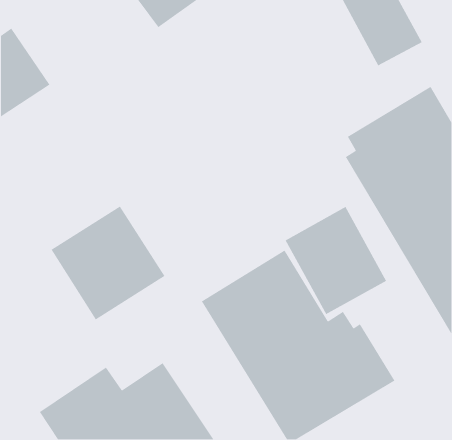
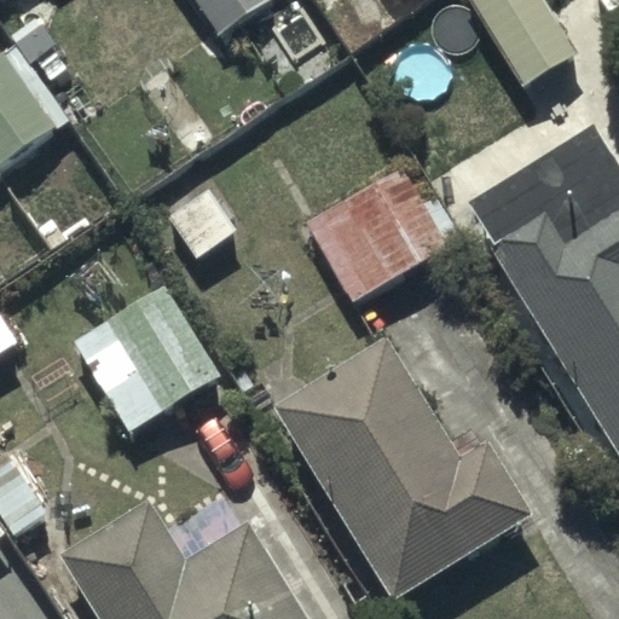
building: none -> [306,164,464,301]
building: [284,206,387,315] -> none

